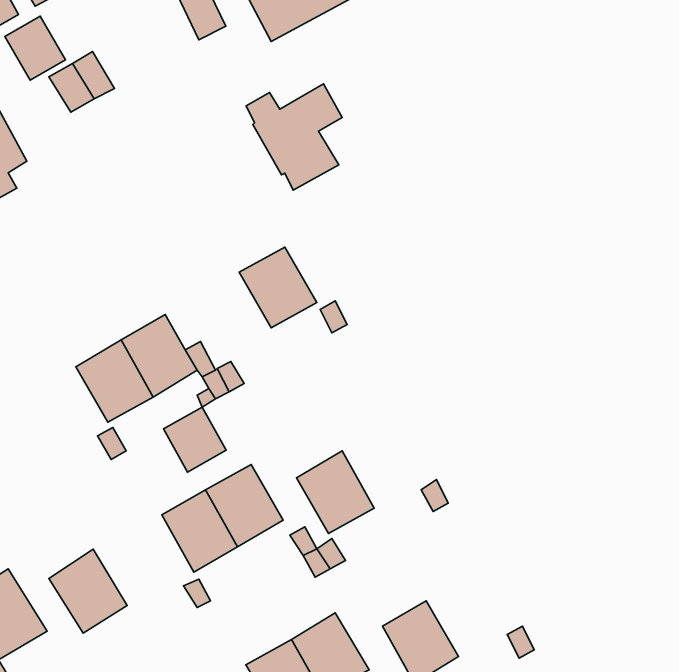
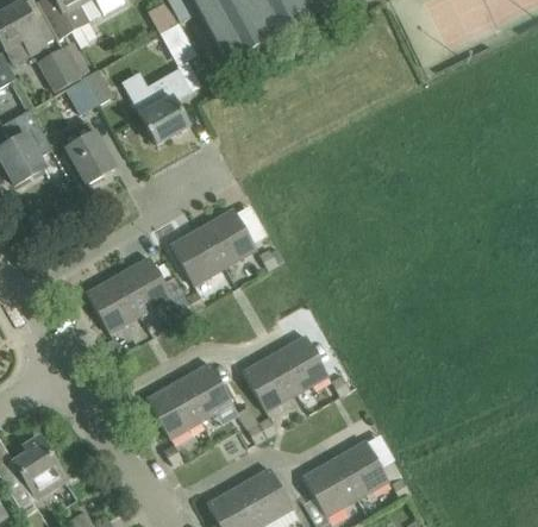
building: [246,84,342,190] -> [124,68,192,143]
building: none -> [60,119,115,183]
building: none -> [171,226,225,284]
building: [163,407,226,472] -> none
building: none -> [275,334,329,393]
building: [49,549,127,633] -> none
building: none -> [334,440,389,497]

